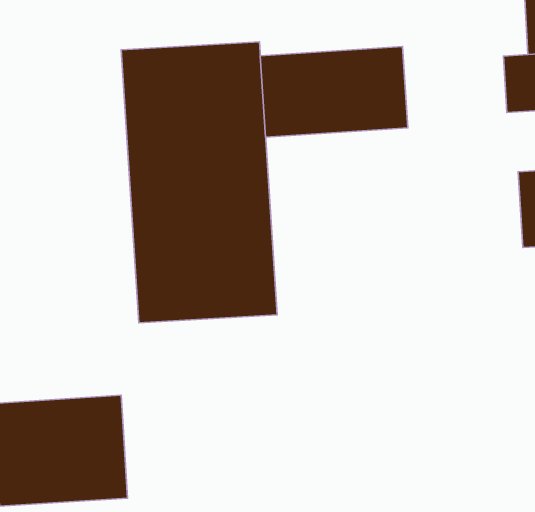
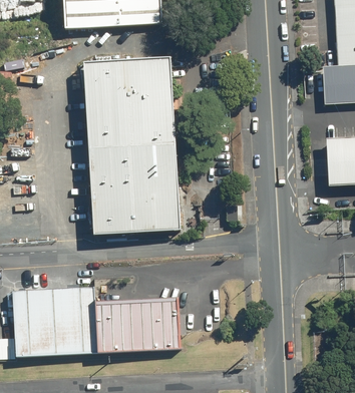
building: [260,47,408,137] -> none
building: none -> [85,294,174,347]

